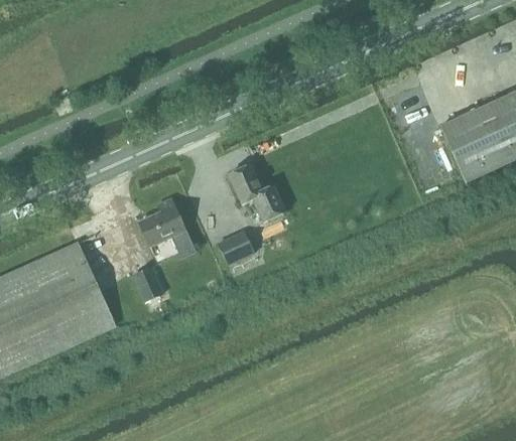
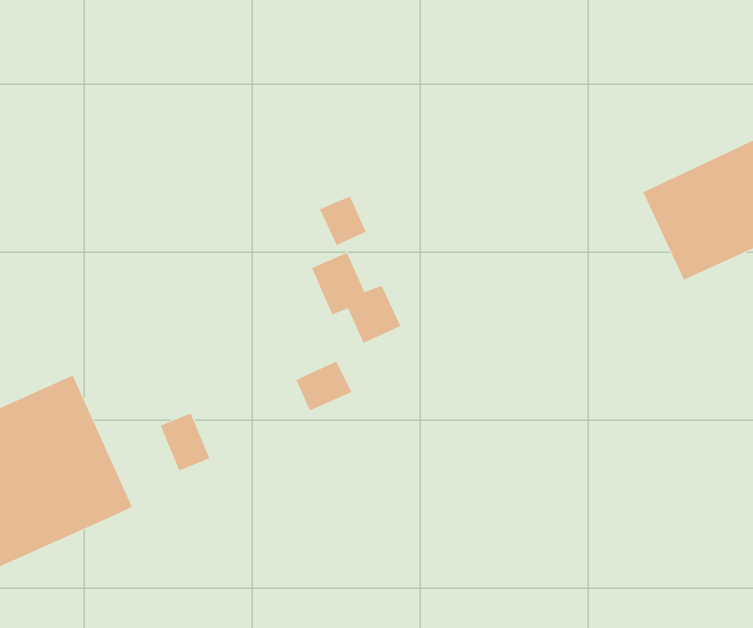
building: none -> [319,196,366,246]
building: [139,199,196,259] -> none

